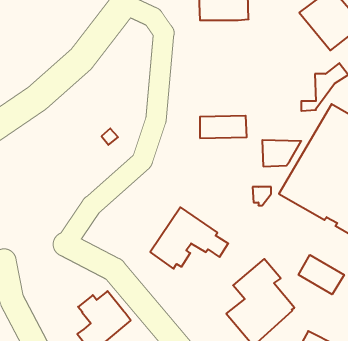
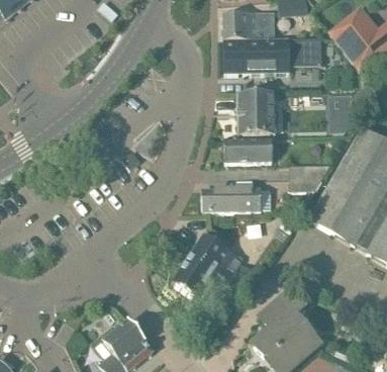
building: none -> [225,36,320,72]
building: none -> [236,92,276,133]
building: none -> [203,187,271,210]
building: [299,255,344,294] -> none

